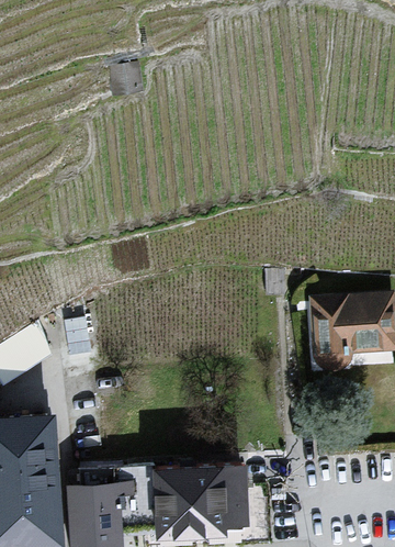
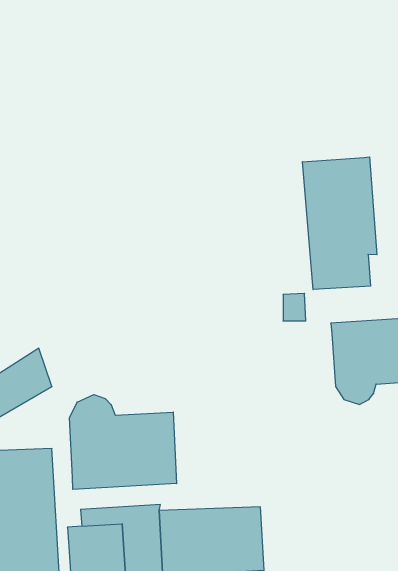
building: none -> [302,157,377,290]
building: none -> [69,395,177,489]

